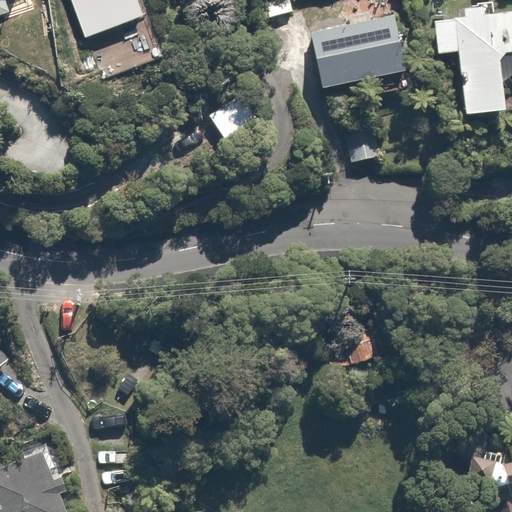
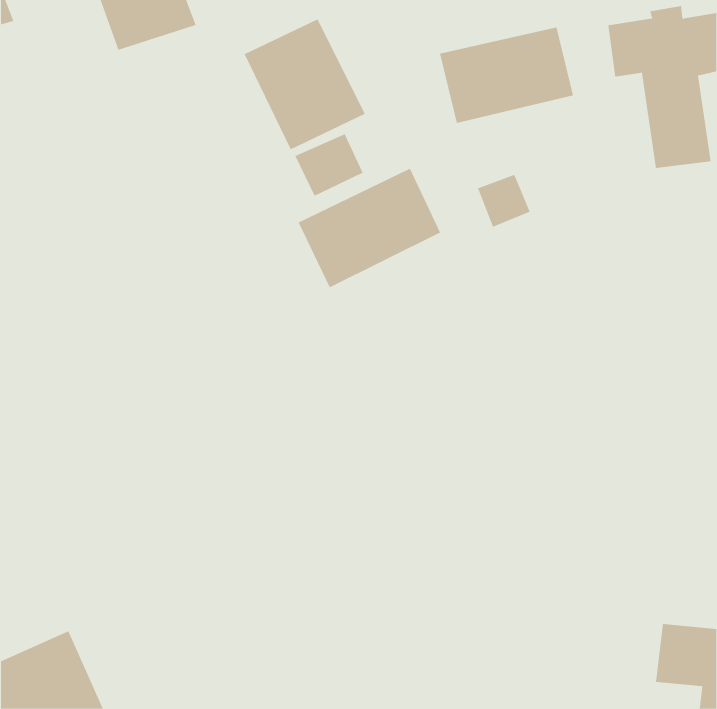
building: none -> [244,19,366,150]
building: none -> [298,168,441,288]

